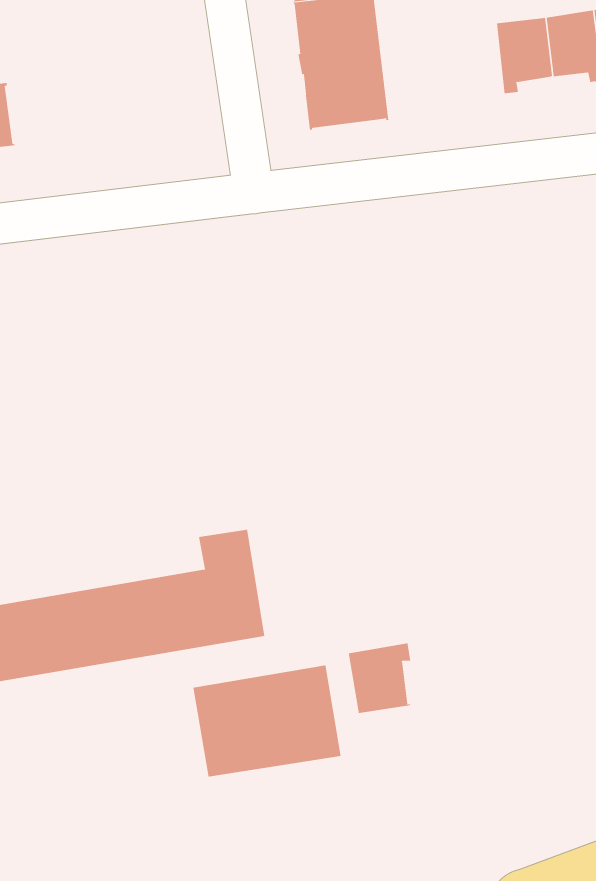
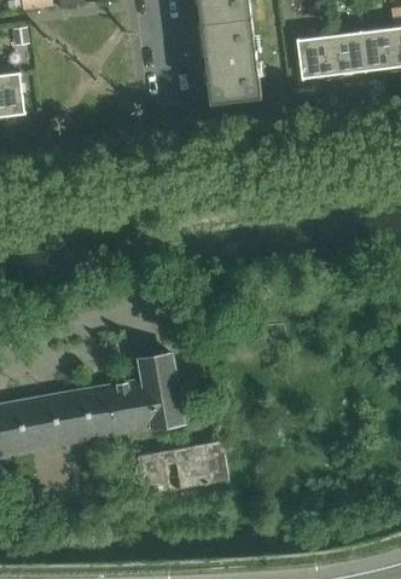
building: none -> [295,35,332,81]
building: [348,642,411,714] -> none

